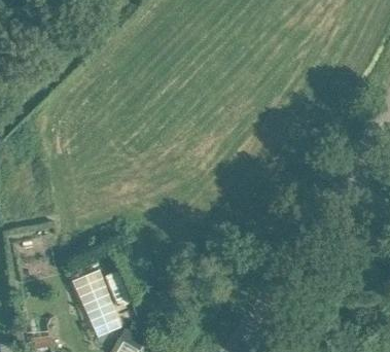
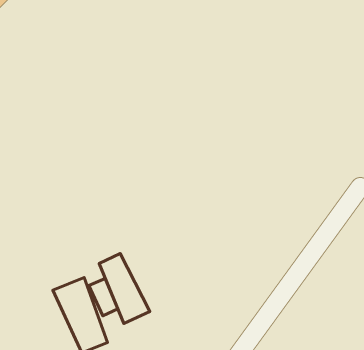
building: none -> [99,254,150,323]

